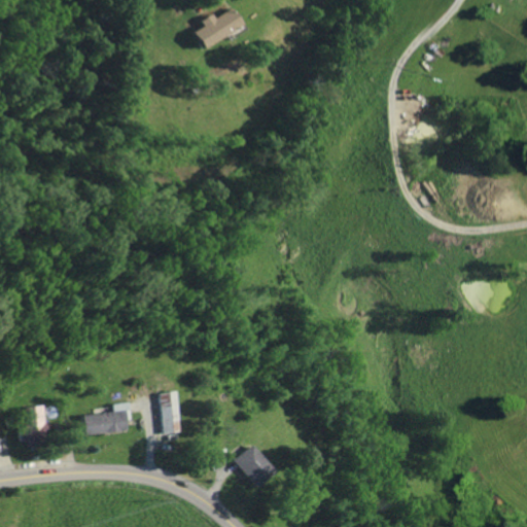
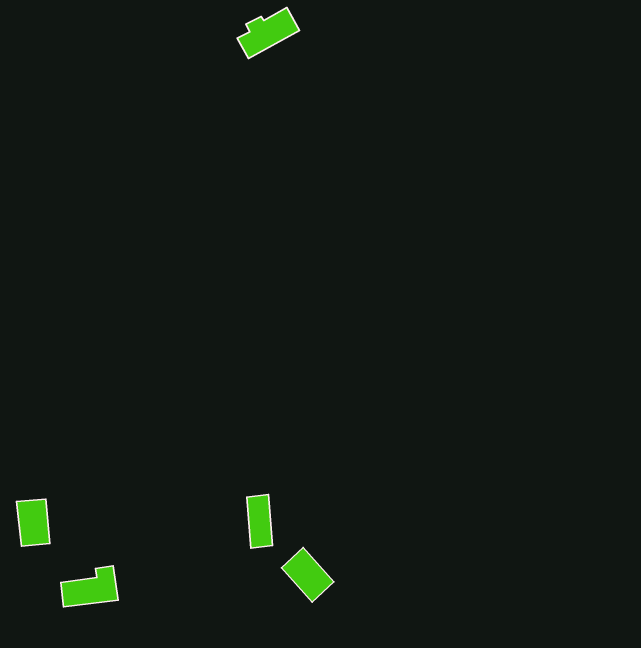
building: [157,391,178,434] -> [247,495,272,548]
building: [83,402,130,435] -> [61,566,118,607]

